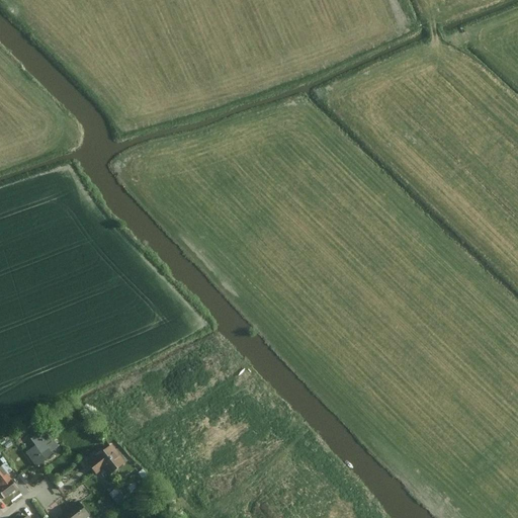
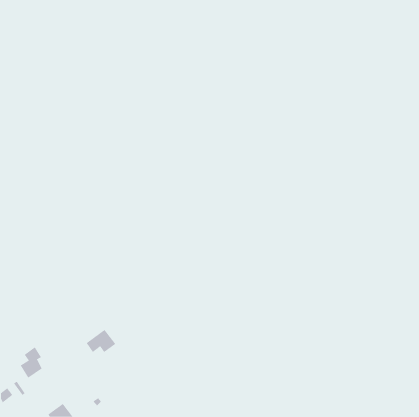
building: [85,446,122,476] -> [86,329,116,353]

